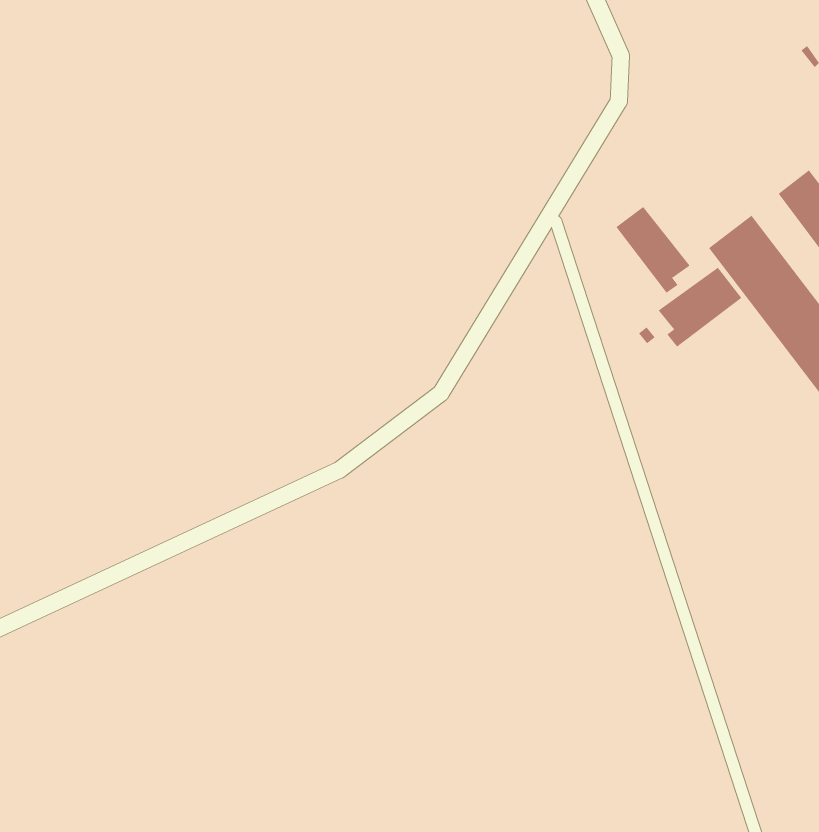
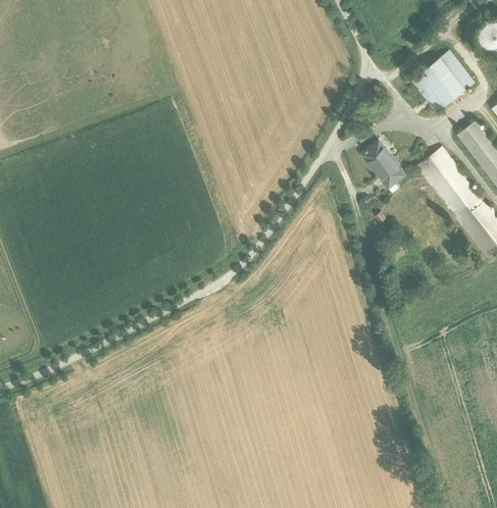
building: none -> [411,51,475,112]
building: [658,267,742,348] -> none

